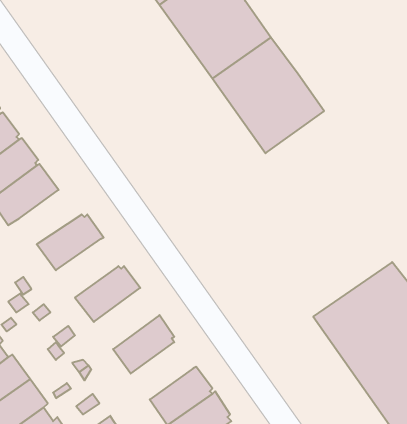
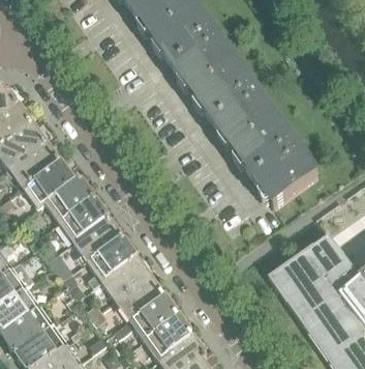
building: none -> [232,118,316,206]
building: none -> [44,176,94,220]
building: none -> [72,216,123,260]
building: none -> [101,253,151,300]
building: none -> [129,292,177,338]

